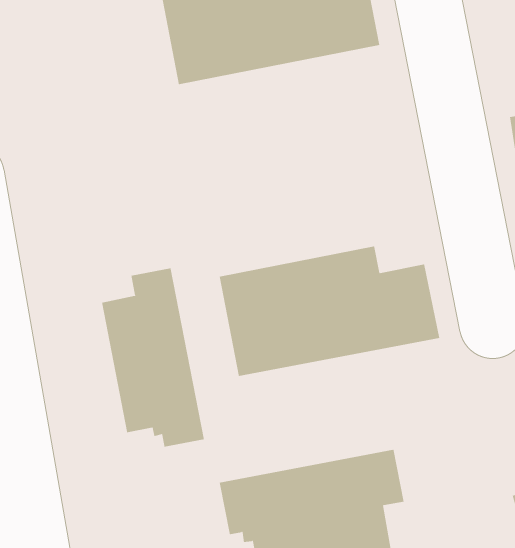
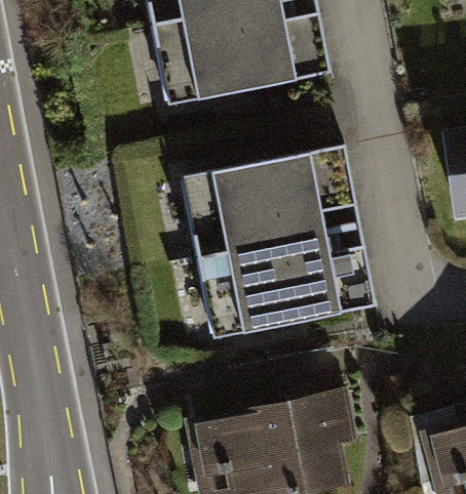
building: none -> [188,149,358,258]
building: [101,267,204,447] -> none

